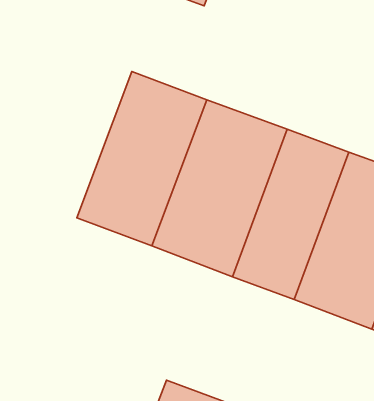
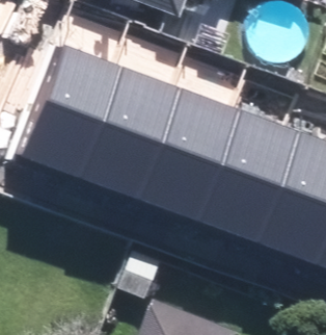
building: none -> [25,43,123,177]

